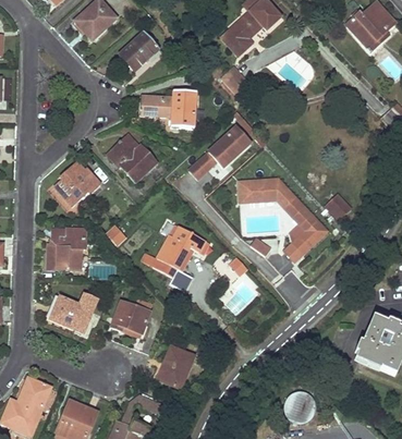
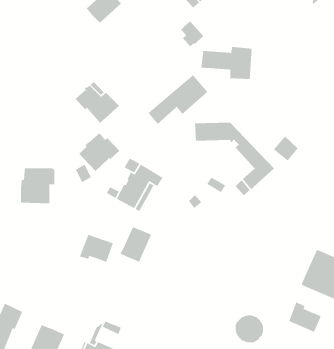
building: [139,90,196,127] -> [201,46,252,80]
building: [54,162,100,206] -> [78,132,120,172]
building: [51,296,93,332] -> none
building: [158,347,194,388] -> [120,226,152,263]
building: none -> [288,301,322,333]

